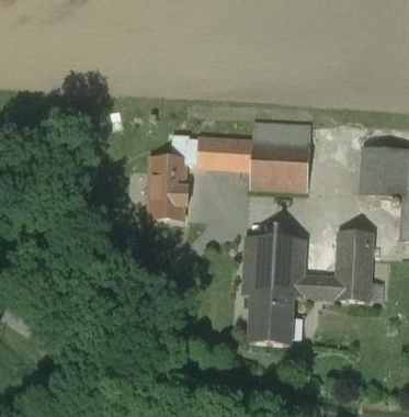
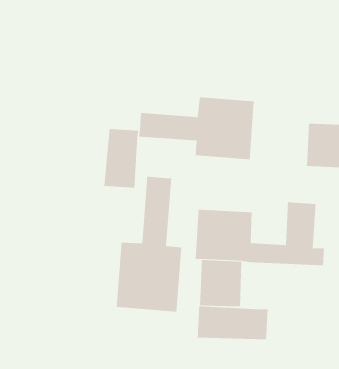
building: none -> [116,176,182,312]
building: none -> [197,306,268,340]

